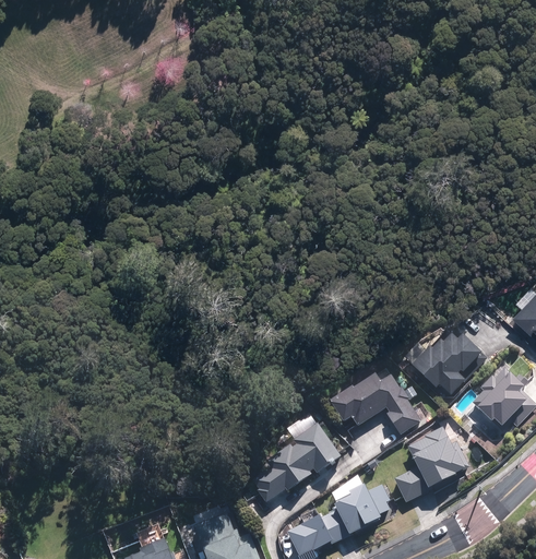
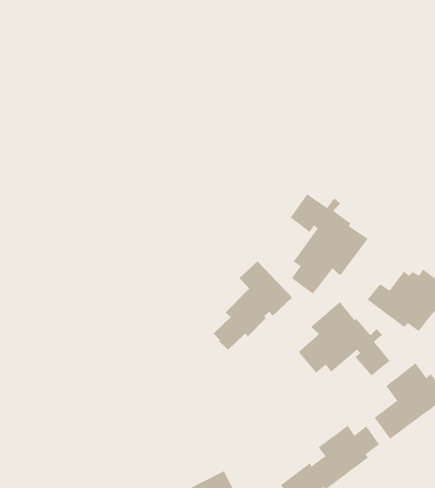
building: none -> [290,193,369,295]
building: [254,414,341,501] -> [213,260,293,351]

